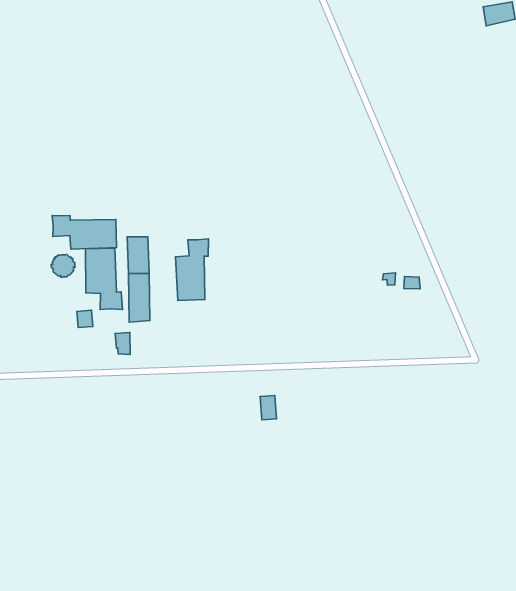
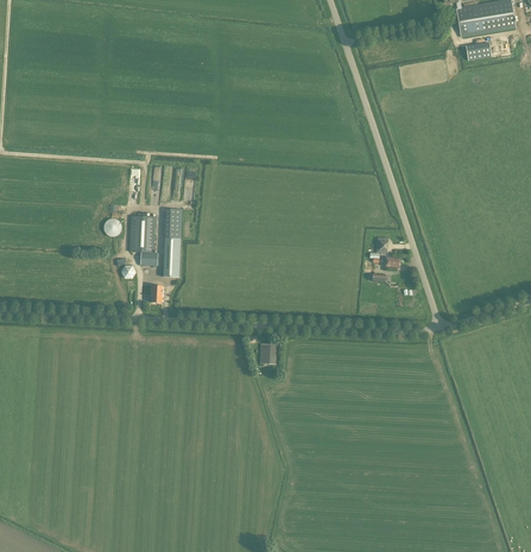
building: [52,215,117,249] -> none
building: [176,239,208,301] -> none

